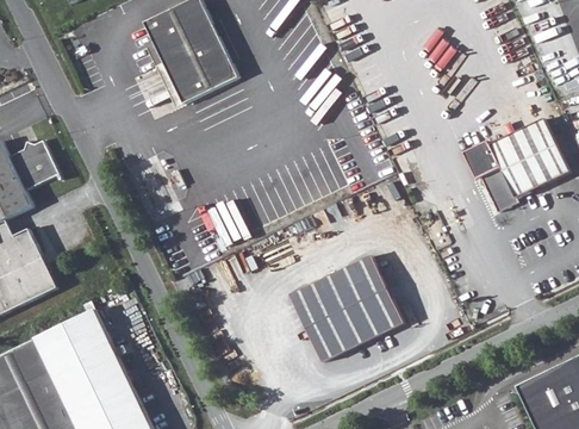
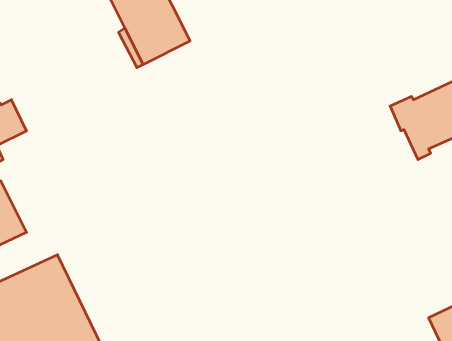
building: [288,254,403,361] -> none

